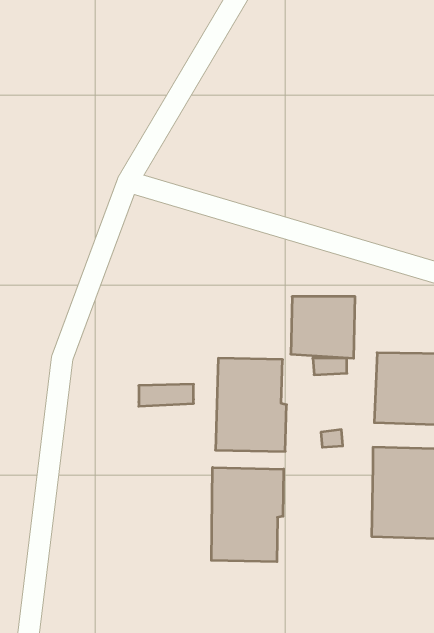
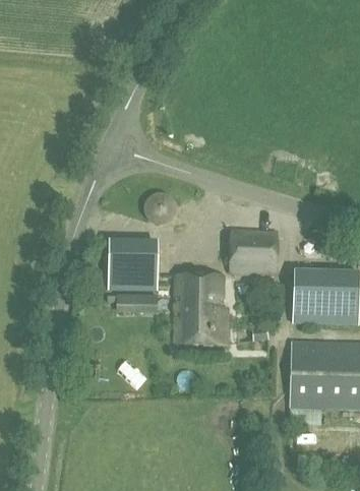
building: none -> [144,192,173,221]
building: none -> [108,246,158,288]
building: [211,467,284,562] -> none

